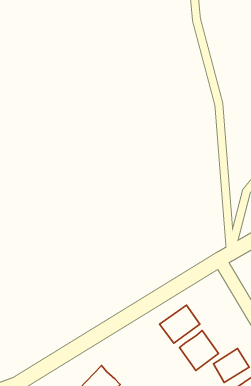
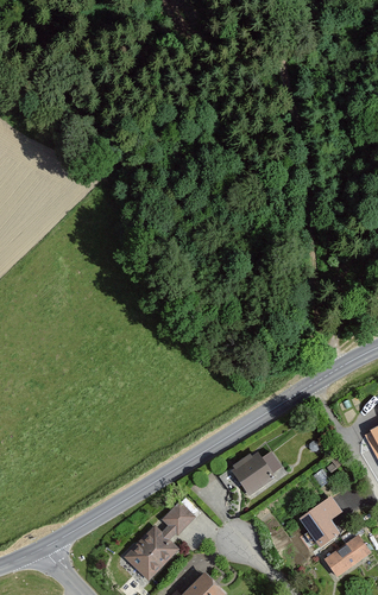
building: [179,331,218,370] -> none
building: none -> [159,501,193,542]

